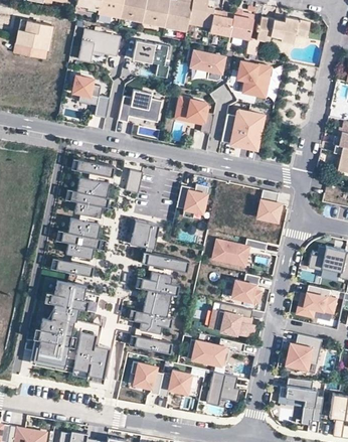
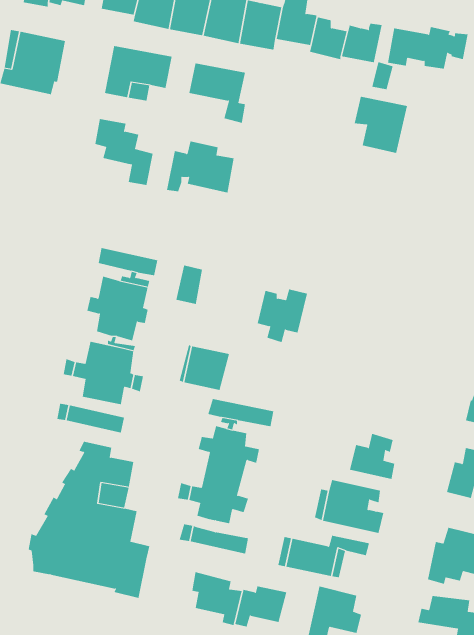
building: [191,51,224,82] -> none
building: [175,98,213,134] -> none
building: [220,110,264,150] -> none
building: [258,191,285,225] -> none
building: [214,240,269,266] -> none

